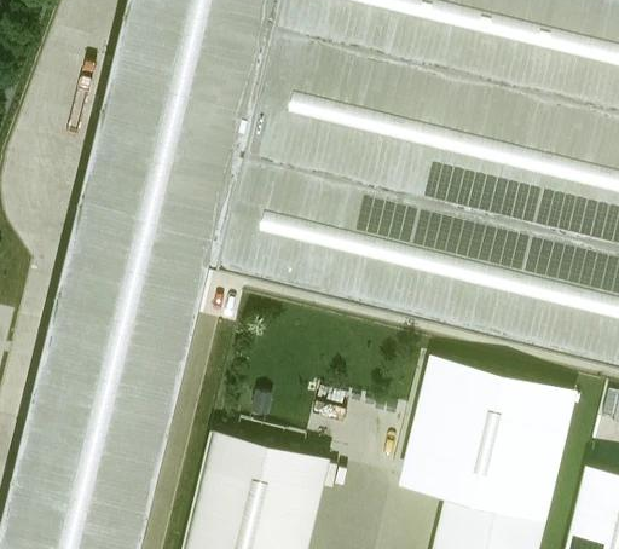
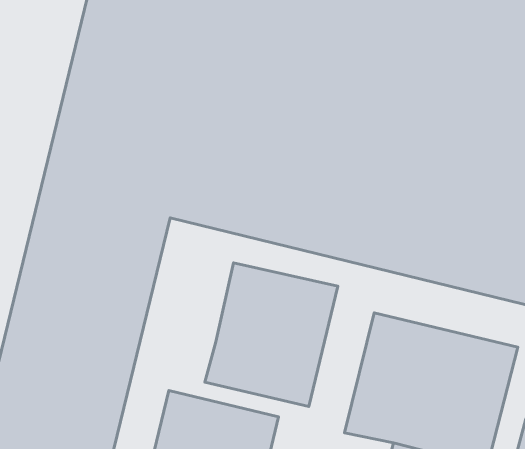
building: none -> [205,263,338,406]

